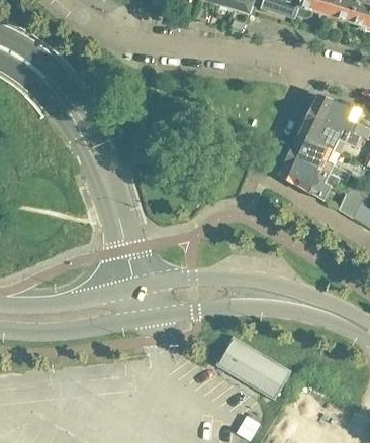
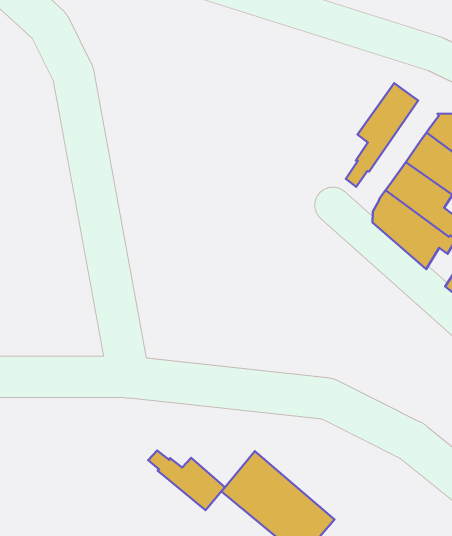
building: none -> [346,83,418,187]
building: none -> [148,450,225,510]

